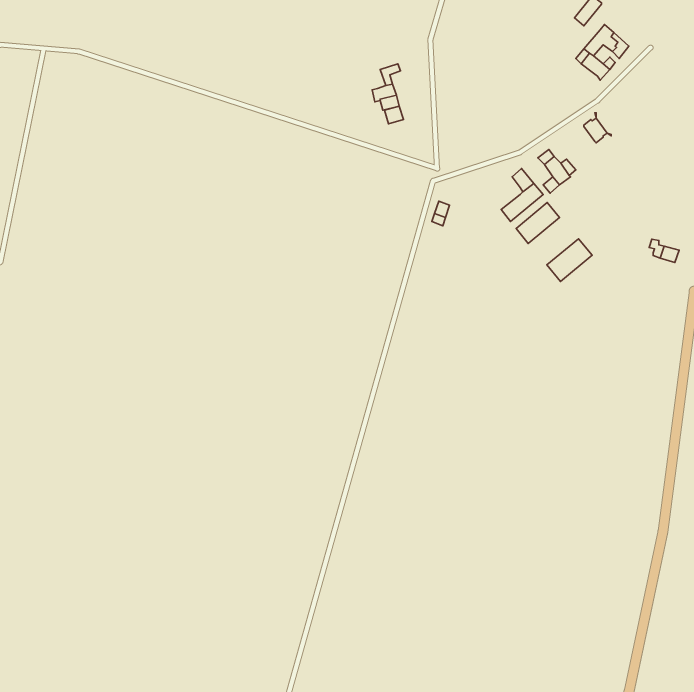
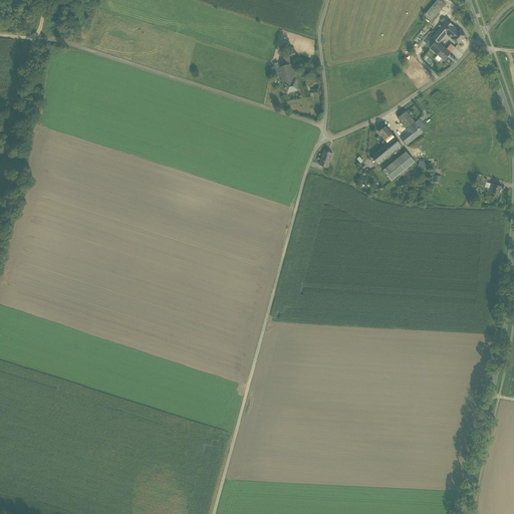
building: [547,239,592,281] -> none

